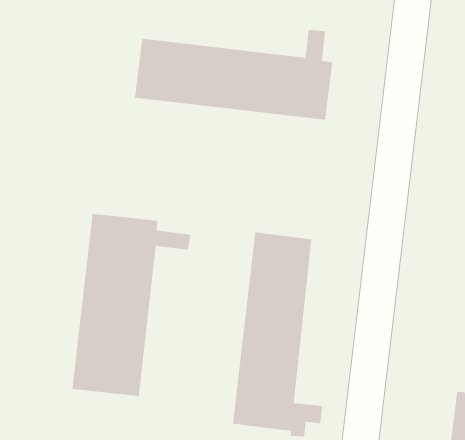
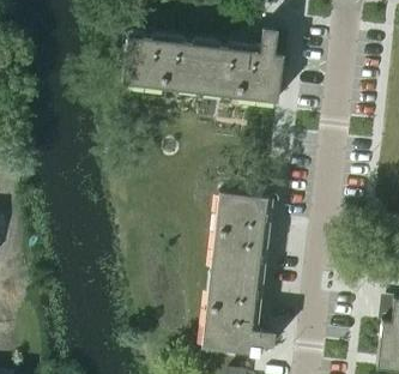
building: [72,213,191,397] -> none

